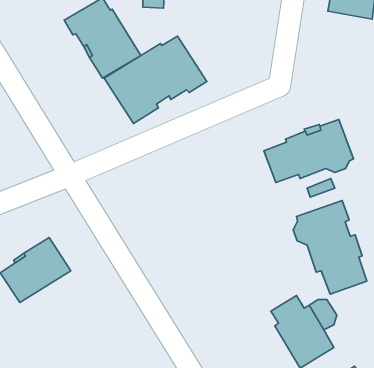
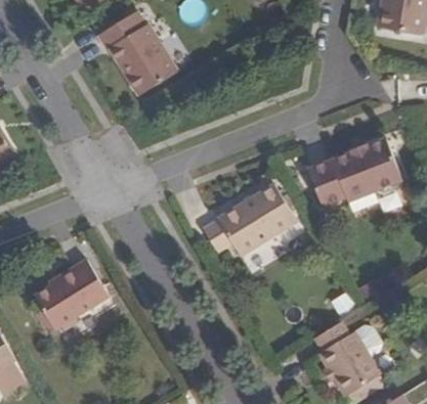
building: [104,36,207,123] -> none
building: none -> [204,183,297,254]
building: [293,200,367,294] -> none

